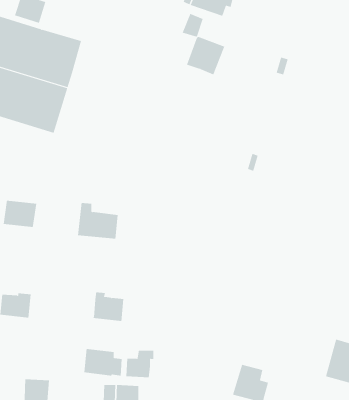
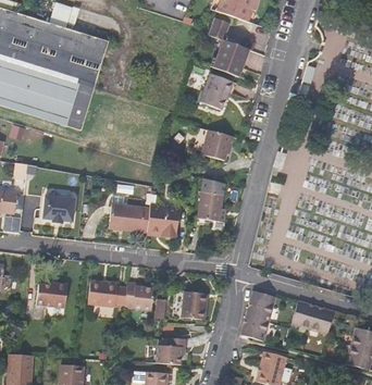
building: none -> [200,71,236,109]
building: none -> [202,128,234,159]
building: none -> [198,177,226,221]
building: none -> [147,195,178,237]
building: none -> [240,289,275,339]
building: none -> [183,290,209,318]
building: none -> [290,300,333,333]
building: [84,349,123,376] -> [89,280,126,306]

